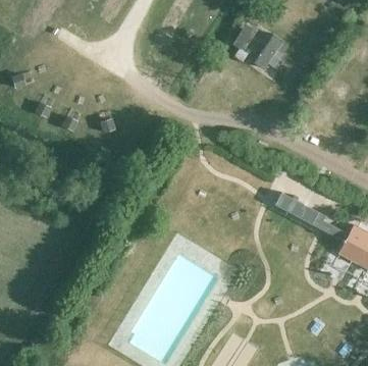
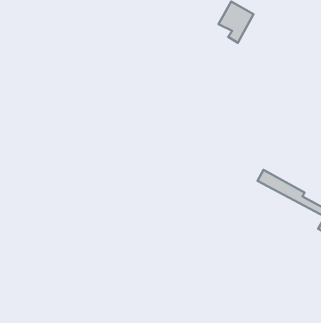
building: [255,33,292,73] -> none

